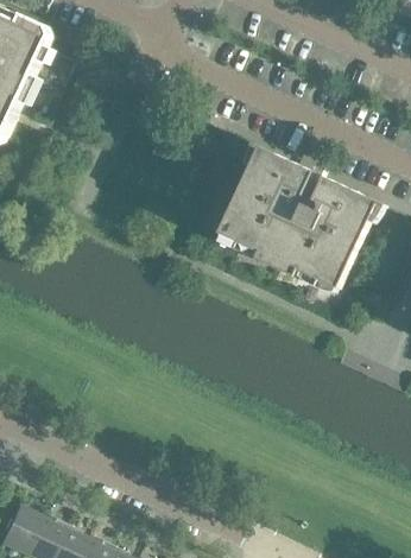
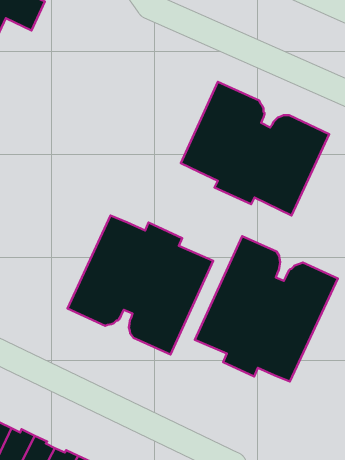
building: none -> [67,216,213,354]
building: none -> [195,236,338,381]

